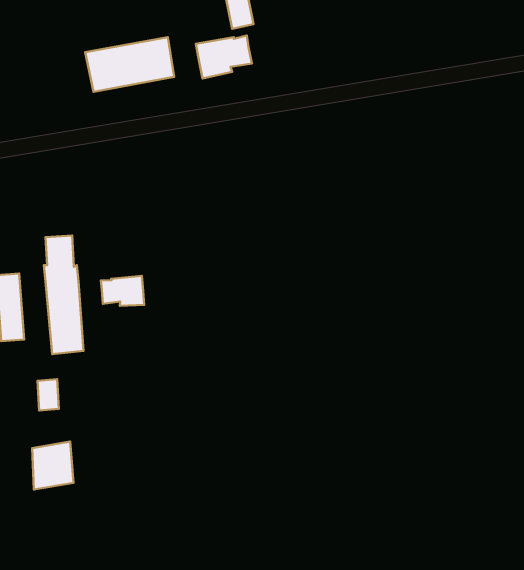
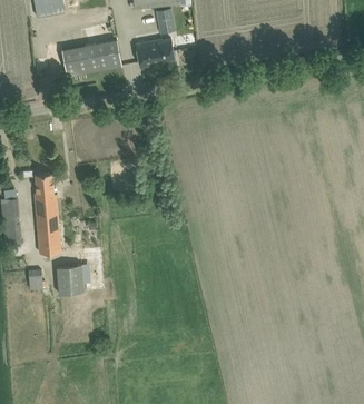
building: [101,276,144,306] -> none
building: [32,442,73,489] -> [58,264,86,296]

